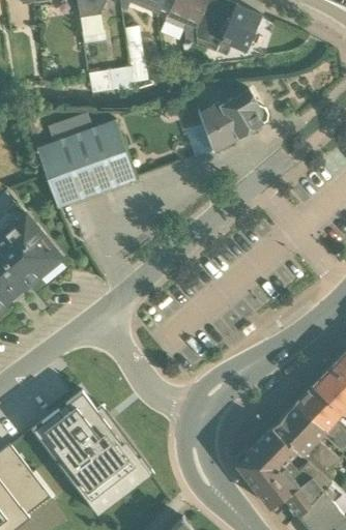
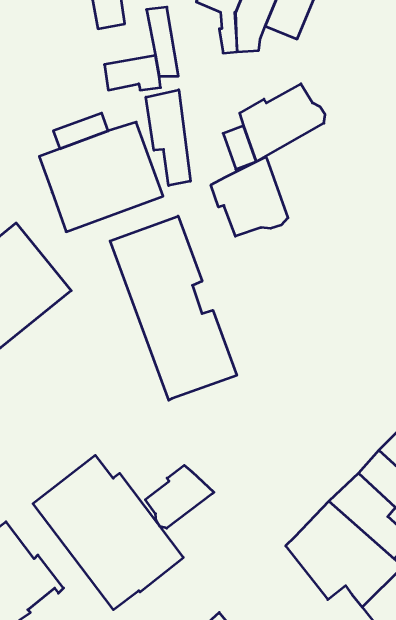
building: none -> [146,90,190,186]
building: none -> [211,157,288,236]
building: none -> [110,216,237,400]
building: none -> [145,465,214,528]

